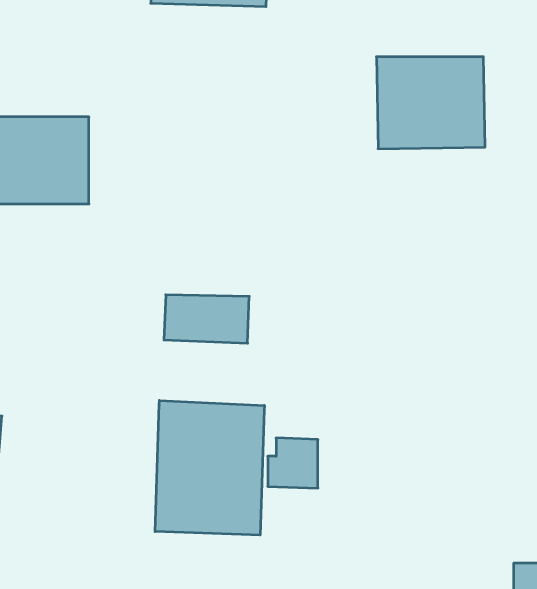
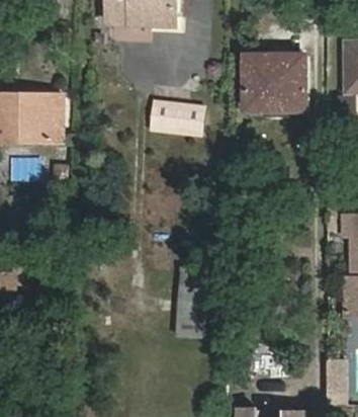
building: [164,295,249,343] -> [148,105,199,135]
building: [155,400,264,535] -> none

